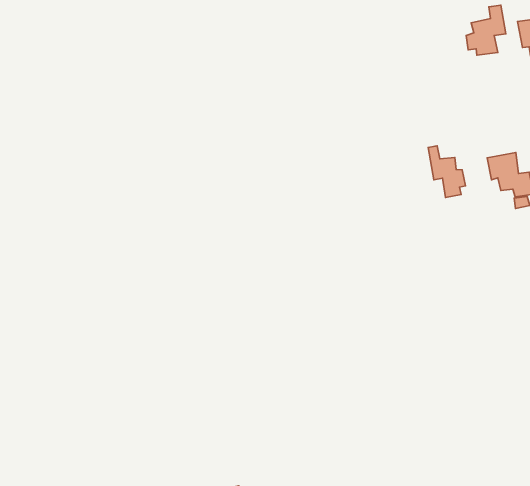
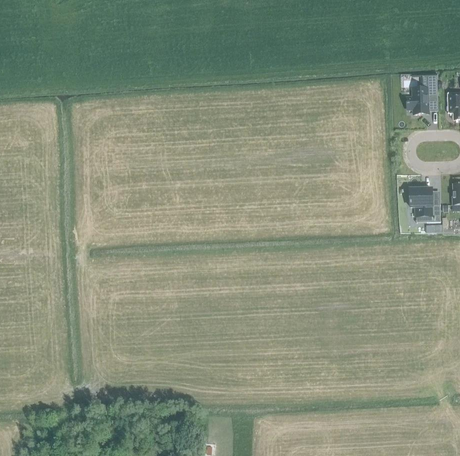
building: [428,146,465,198] -> none

